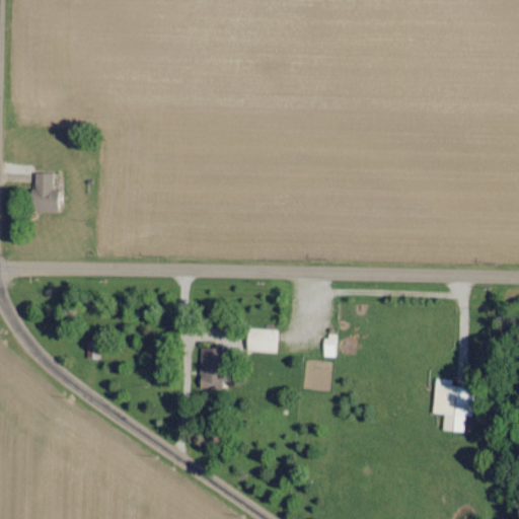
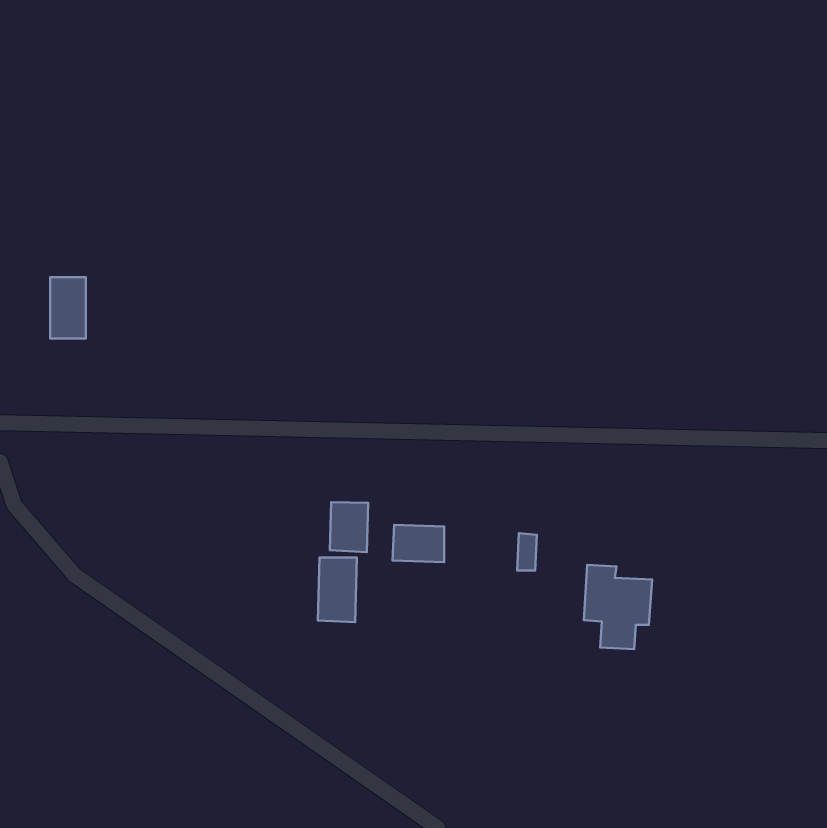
building: none -> [330,502,368,552]
building: [434,379,476,432] -> [584,565,652,649]

